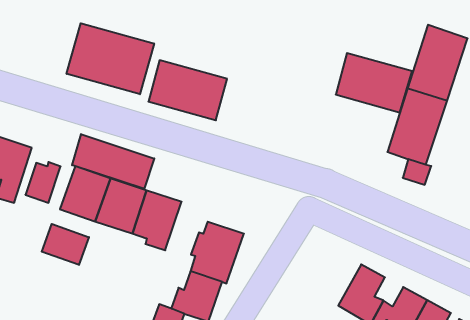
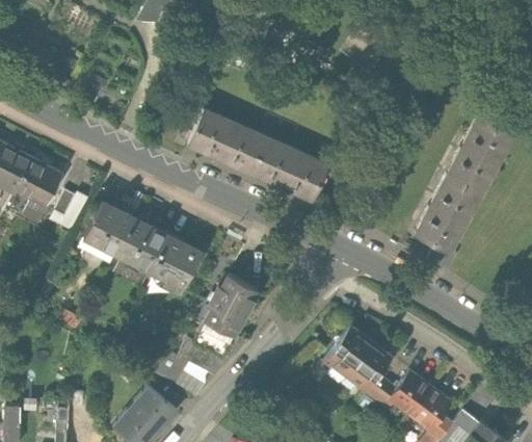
building: [67,23,154,94] -> none
building: [336,53,412,113] -> [250,135,330,203]
building: [72,134,154,189] -> none
building: [42,224,89,265] -> none
building: none -> [323,326,373,379]

